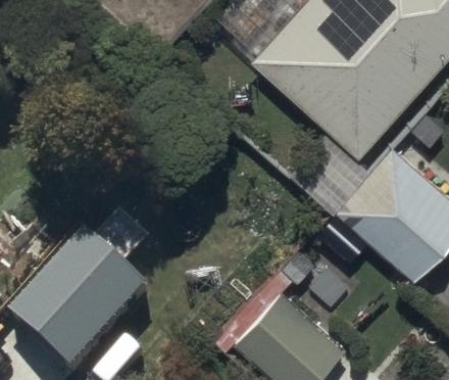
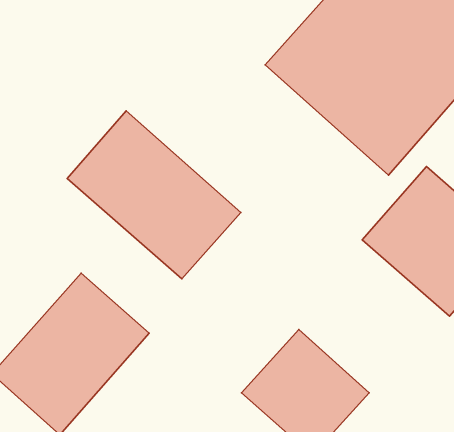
building: none -> [67,111,241,279]

